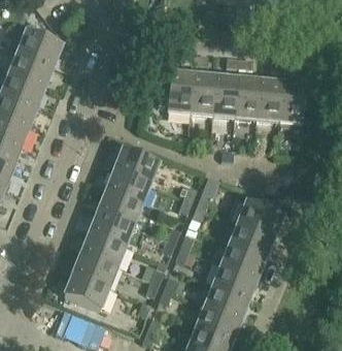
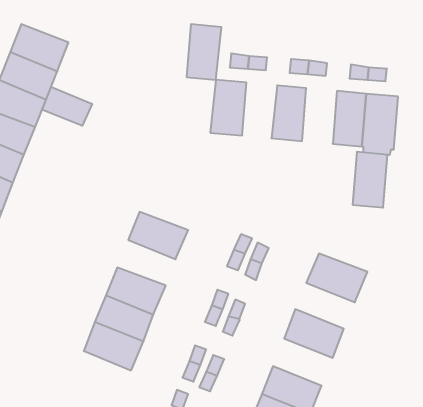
building: [190,73,215,115] -> [187,24,221,80]
building: none -> [42,87,92,126]
building: [234,77,260,119] -> [353,152,387,208]
building: [113,148,158,183] -> none
building: [97,190,140,224] -> none
building: [229,222,273,256] -> none
building: [212,263,256,298] -> none
building: [64,273,107,309] -> none

